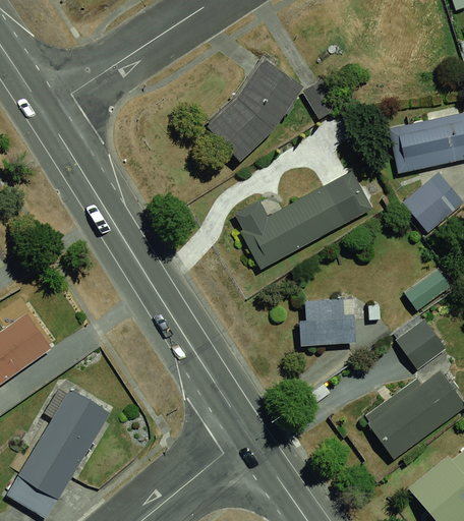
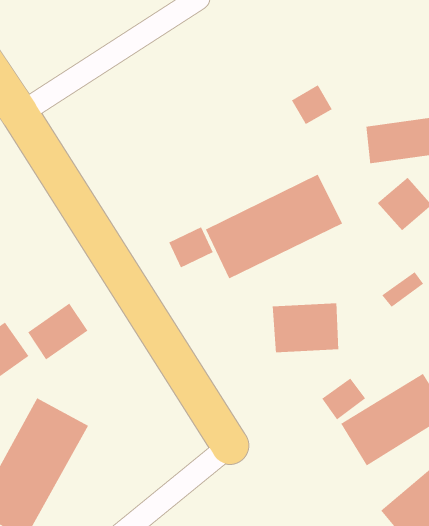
building: [207,49,309,160] -> none
building: none -> [168,226,214,269]
building: none -> [27,302,89,361]
building: [392,321,436,362] -> [321,377,366,420]

